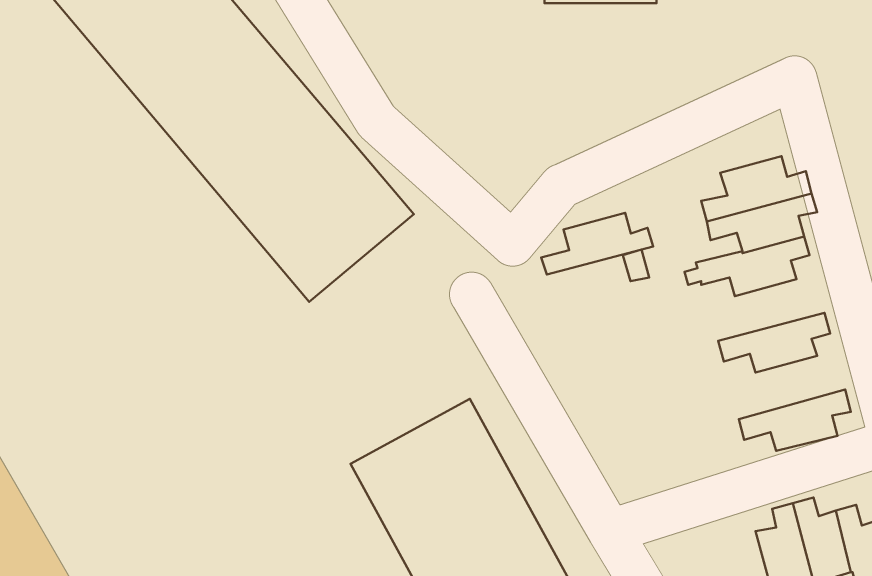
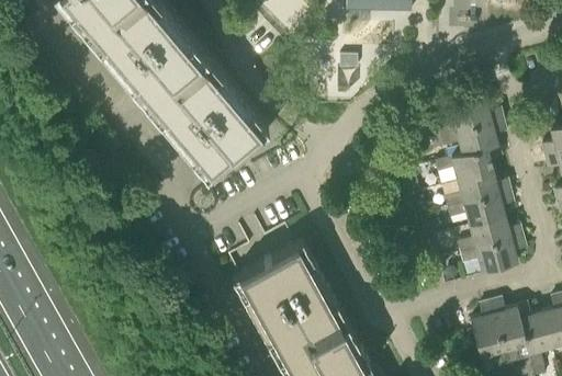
building: [541,213,653,274] -> [445,171,510,207]
building: none -> [457,216,522,253]

